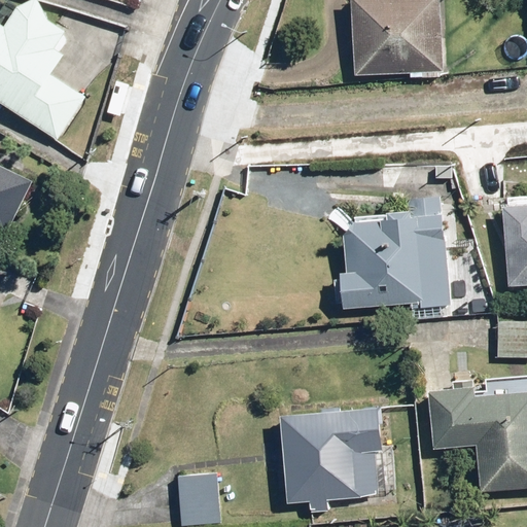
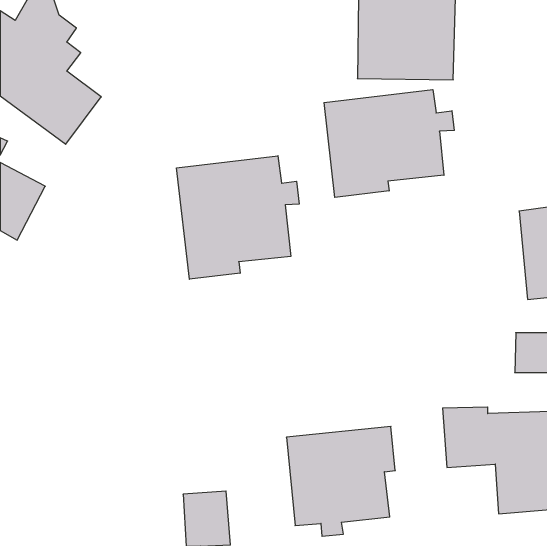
building: none -> [324,90,454,197]
building: none -> [177,156,299,279]
building: [333,192,451,312] -> none

